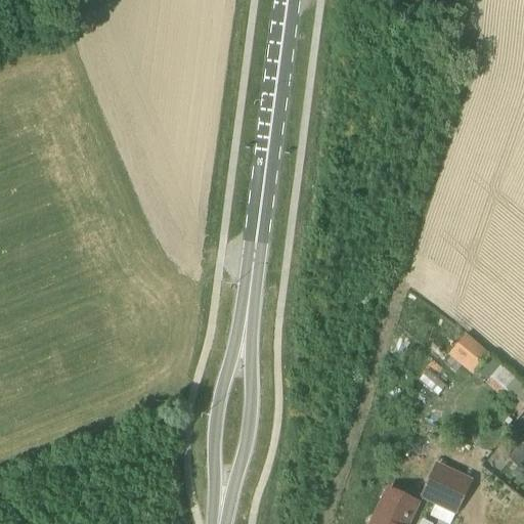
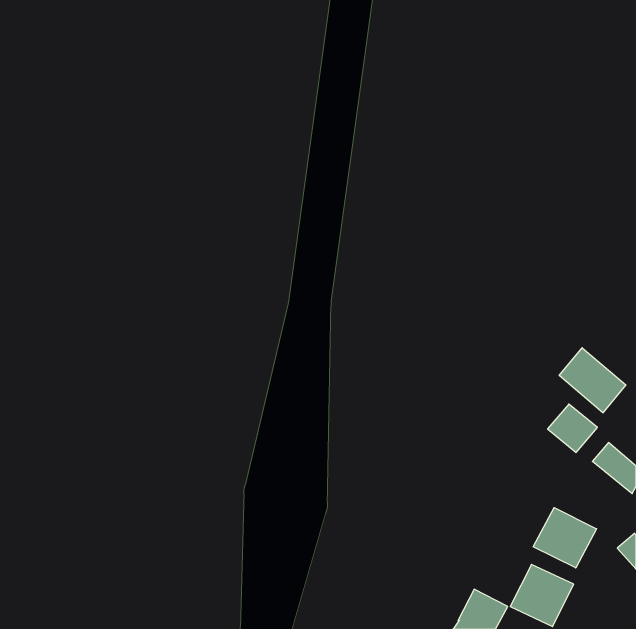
building: none -> [559,348,626,413]
building: none -> [533,508,597,568]

